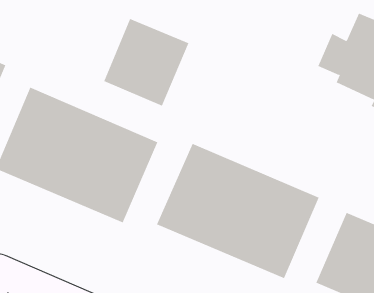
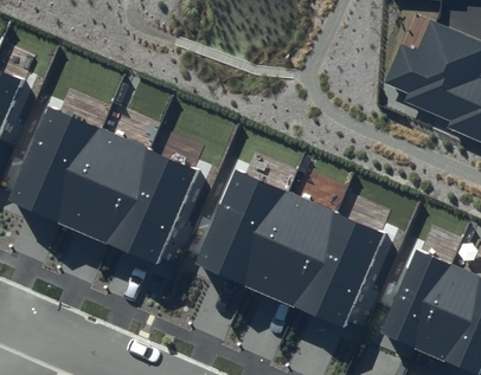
building: [103,18,189,107] -> none

